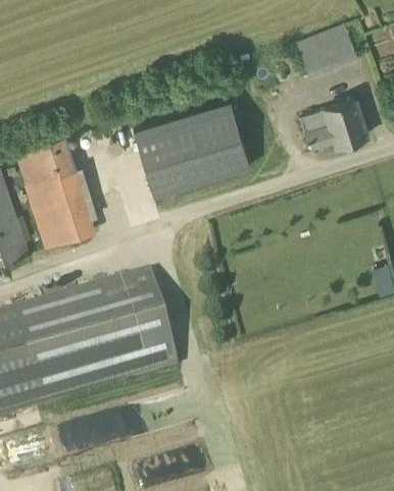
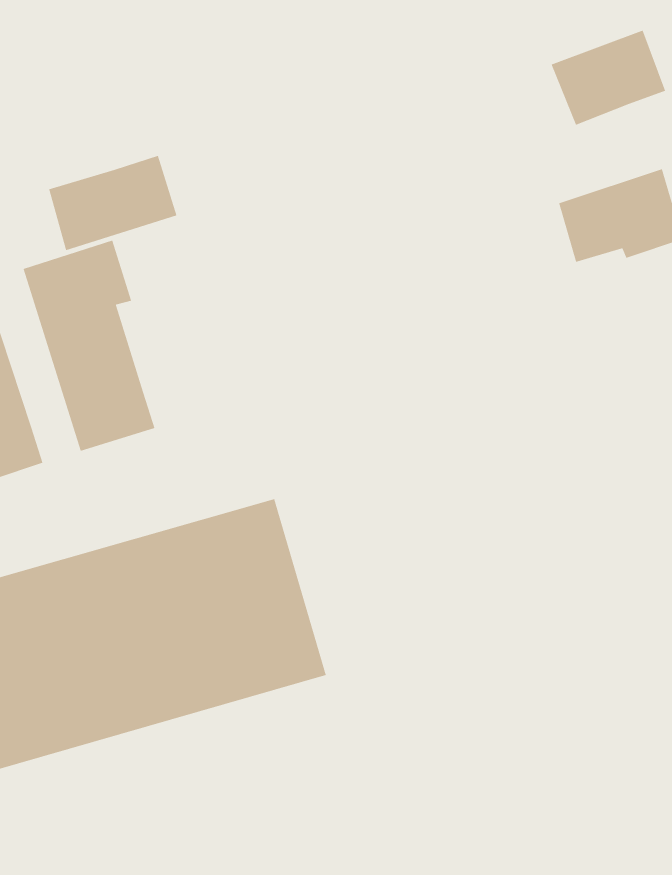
building: none -> [48,155,178,251]
building: [133,100,250,196] -> none

